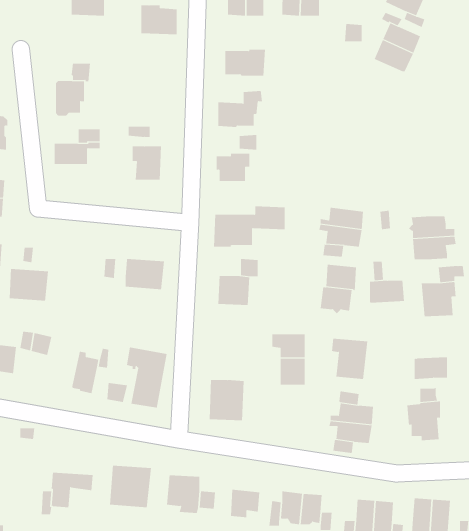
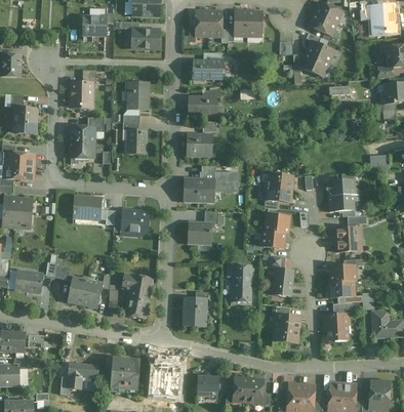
building: none -> [127,81,149,110]
building: none -> [70,142,94,158]
building: [9,268,49,301] -> [73,196,102,219]
building: [369,280,405,303] -> [330,265,356,282]
building: none -> [68,276,88,304]

